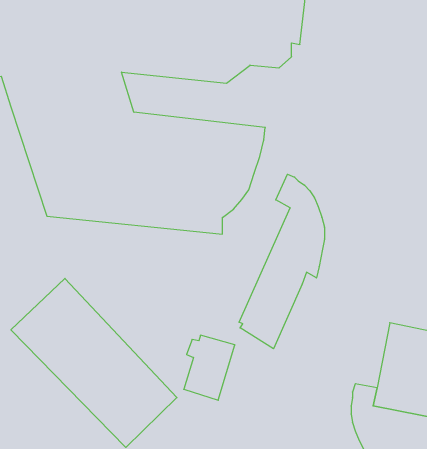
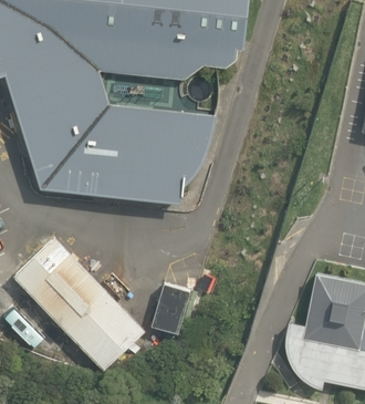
building: [239,174,324,349] -> none

